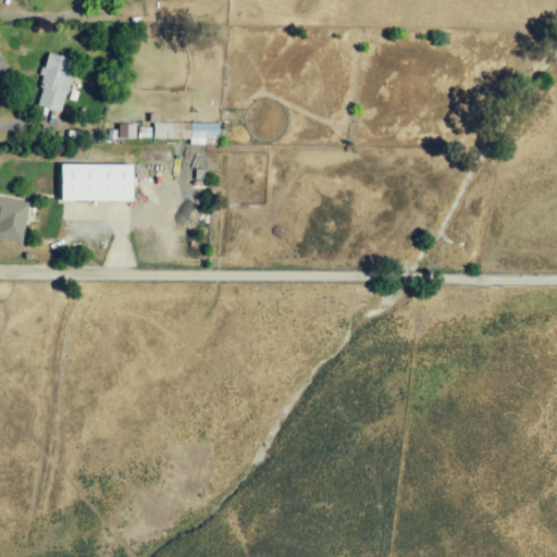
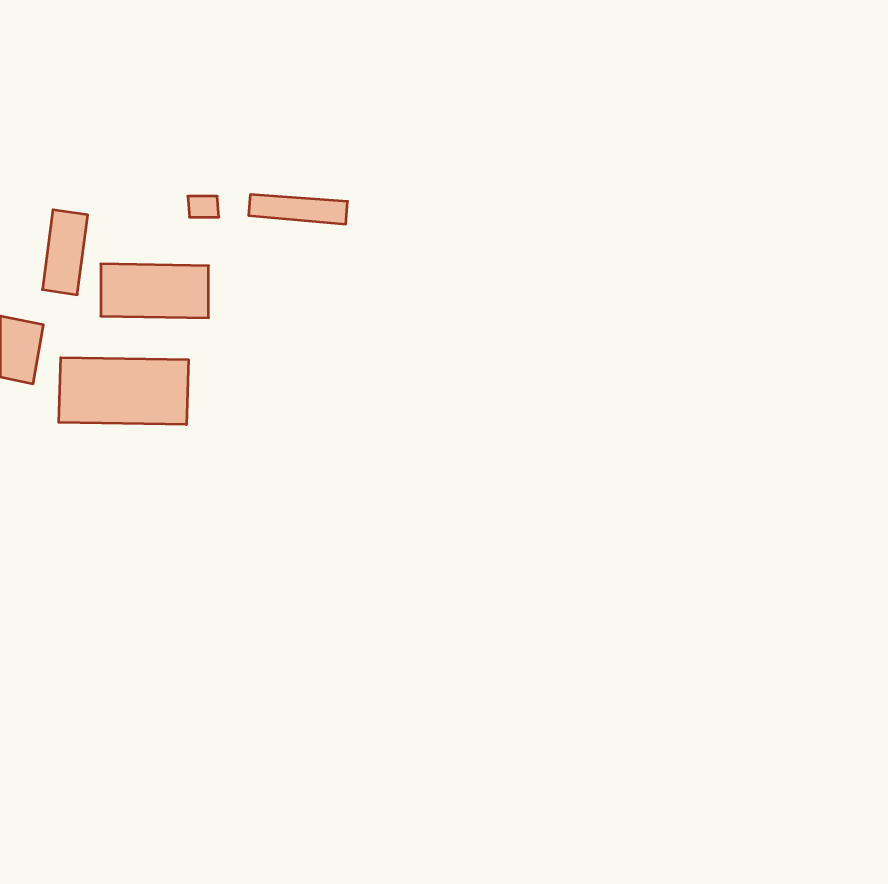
building: [40,55,69,109] -> [42,210,88,295]
building: none -> [59,358,188,425]

